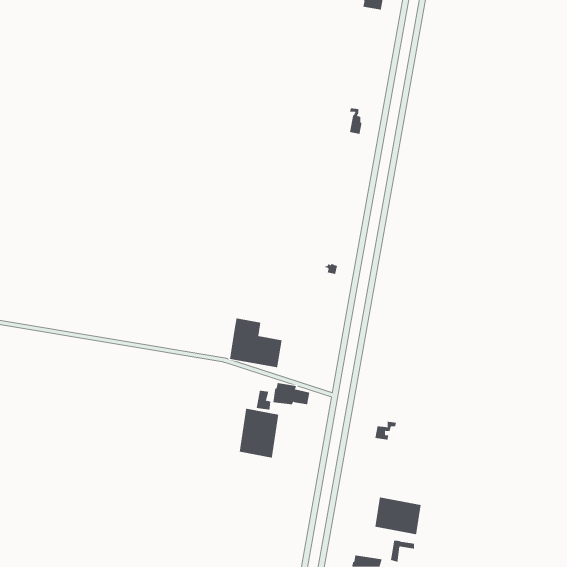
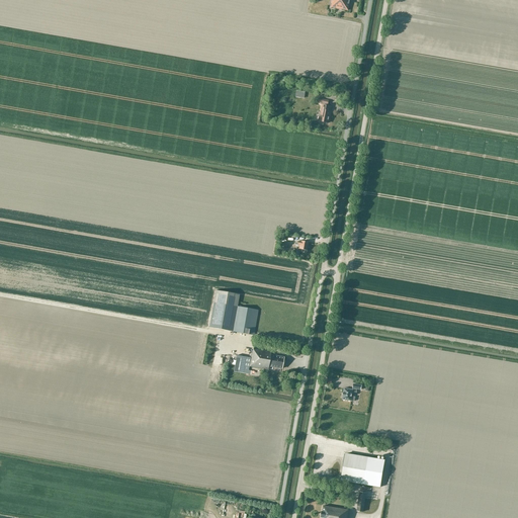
building: [239,408,279,459] -> none

